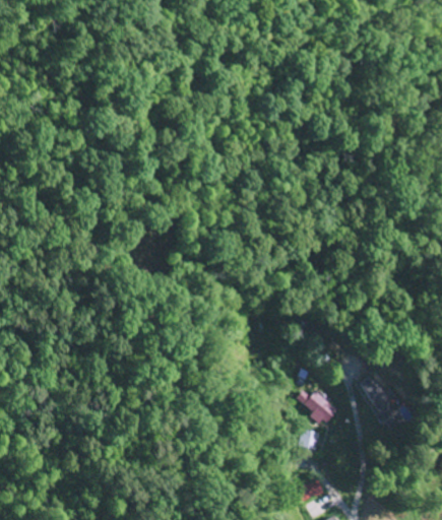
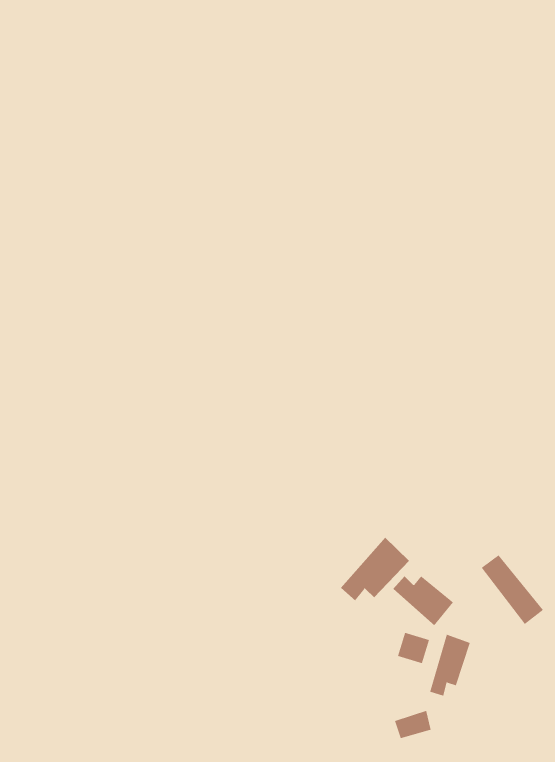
building: none -> [340,537,410,601]
building: none -> [429,634,470,696]

